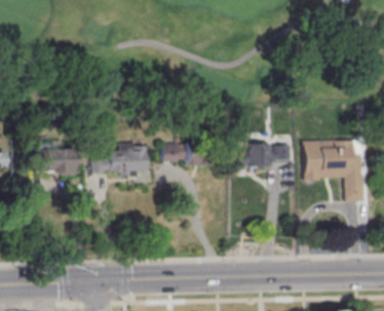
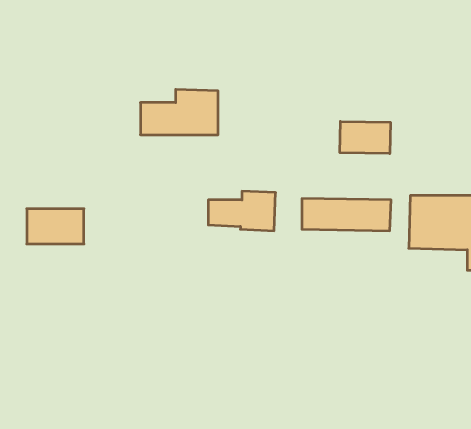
building: none -> [340,121,390,154]
building: [93,143,148,174] -> [140,89,218,135]

